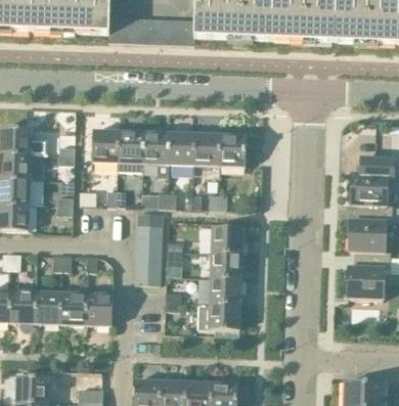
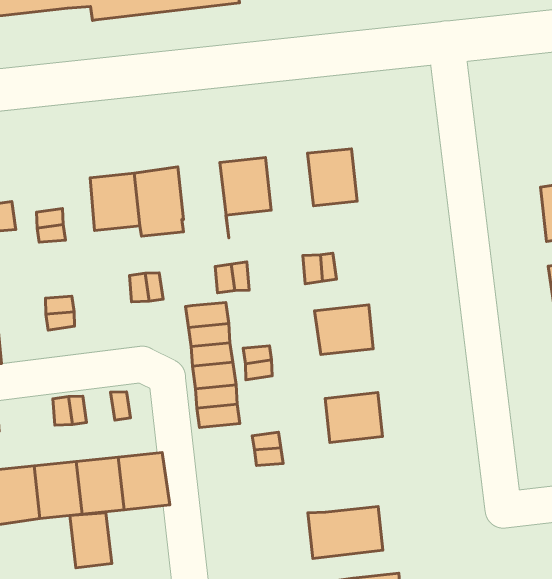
building: [143,131,169,176] -> none
building: [194,133,220,165] -> none
building: [210,251,241,277] -> none
building: [197,301,239,328] -> [308,506,383,559]
building: none -> [70,513,112,568]

